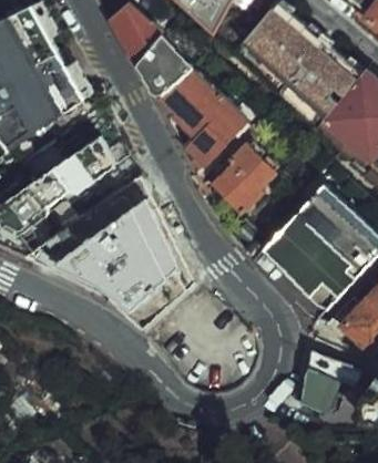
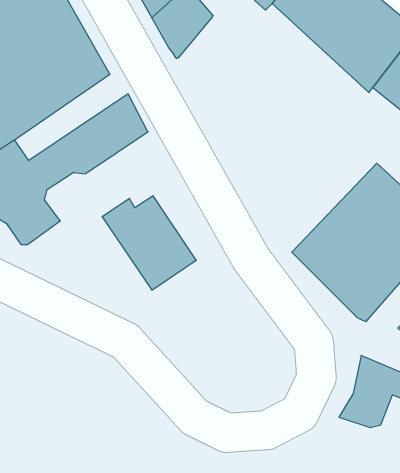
building: [159,62,247,162] -> none
building: [213,143,275,212] -> none

